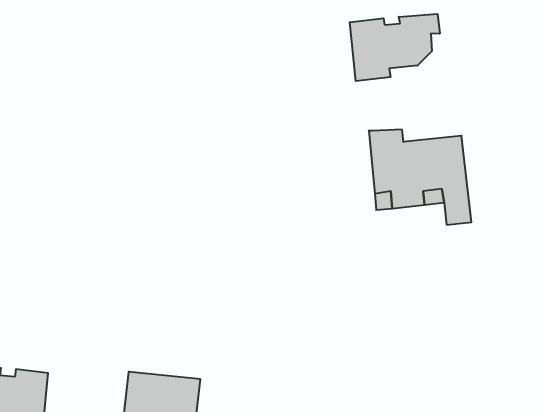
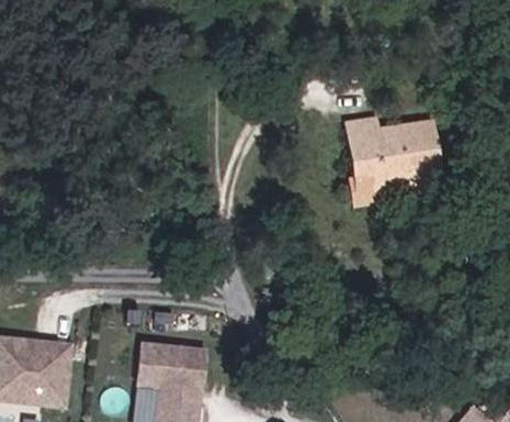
building: [350,14,440,81] -> none

